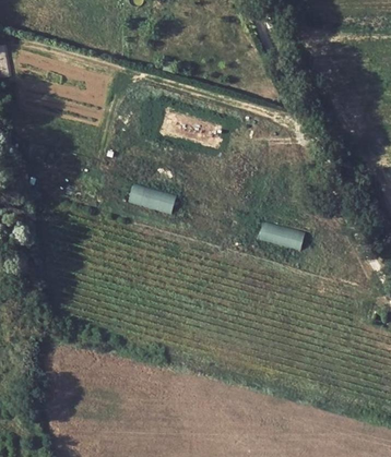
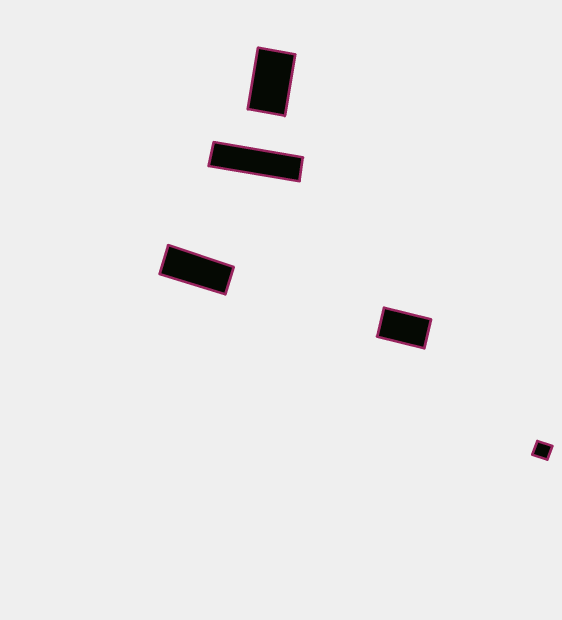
building: none -> [248,48,295,116]

